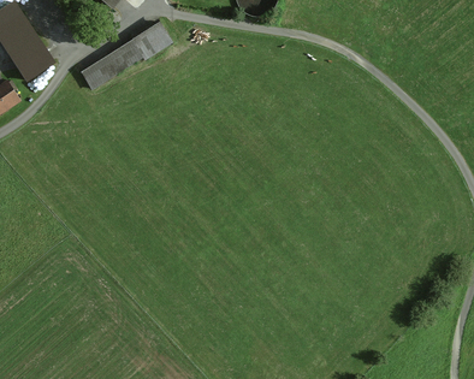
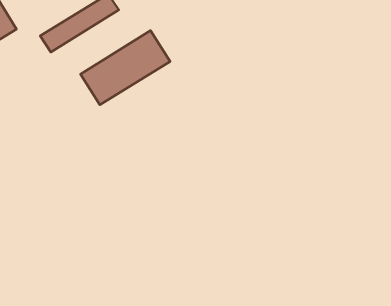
building: none -> [80,31,170,105]

